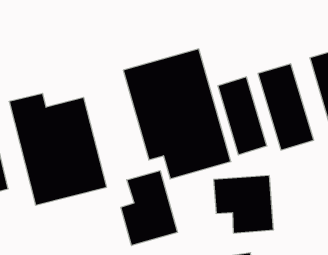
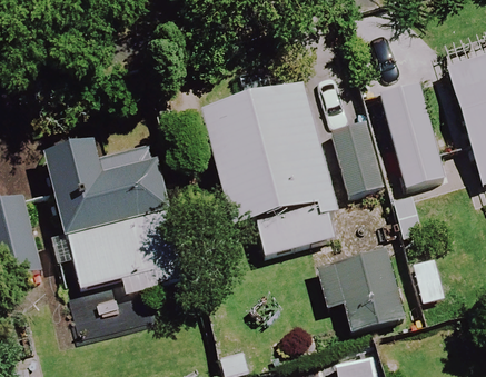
building: [121,171,178,246] -> none

